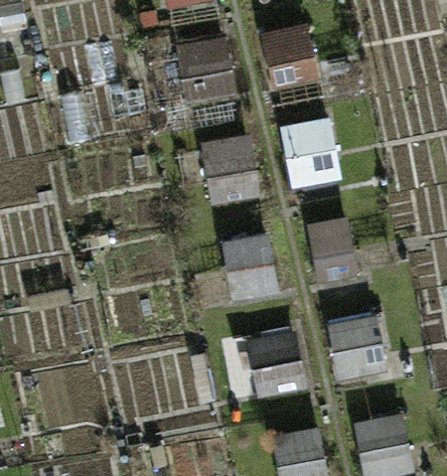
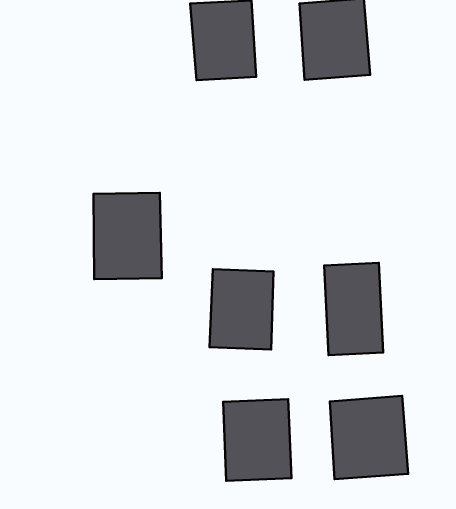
building: [283,118,339,188] -> none
building: [201,133,262,204] -> [93,193,162,279]

